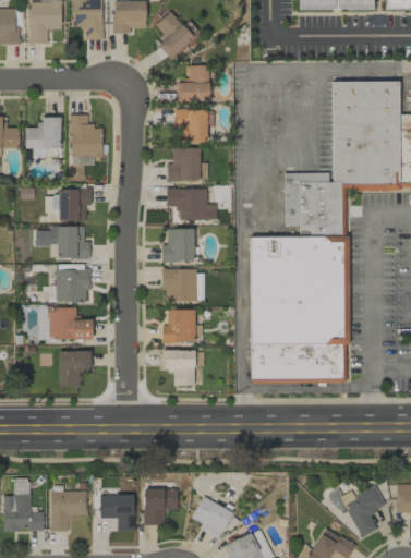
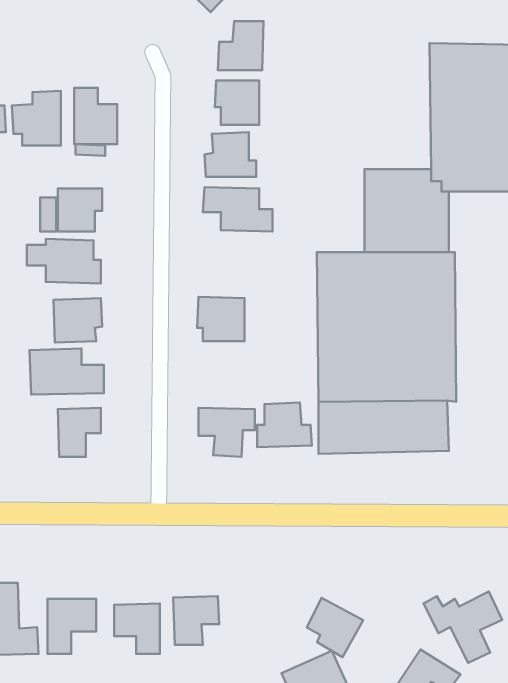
building: [162,228,194,262] -> none
building: [162,308,203,341] -> [257,403,312,447]
building: [192,496,233,539] -> [307,598,363,657]

